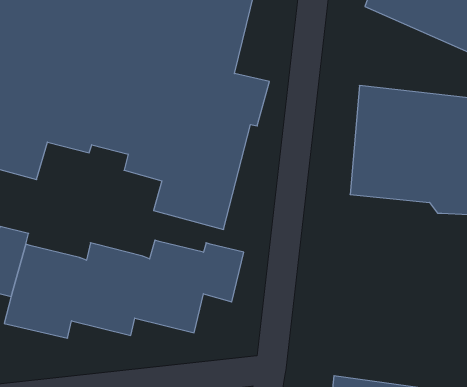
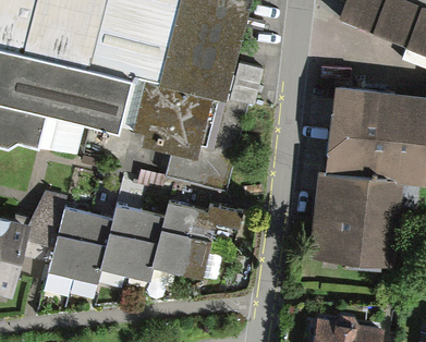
building: none -> [312,163,402,262]

